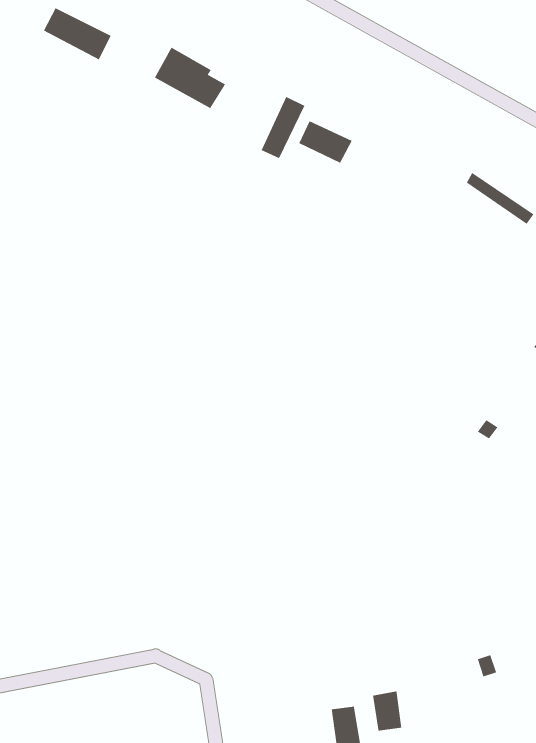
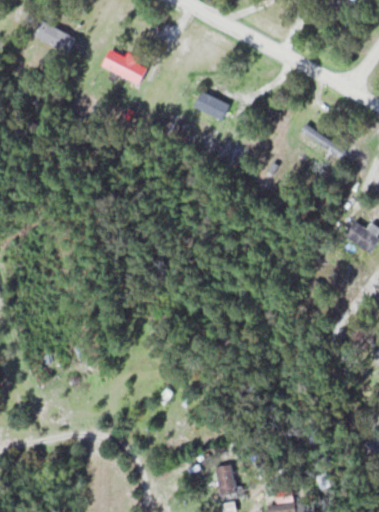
building: [260,96,306,159] -> none
building: [372,691,402,731] -> none

